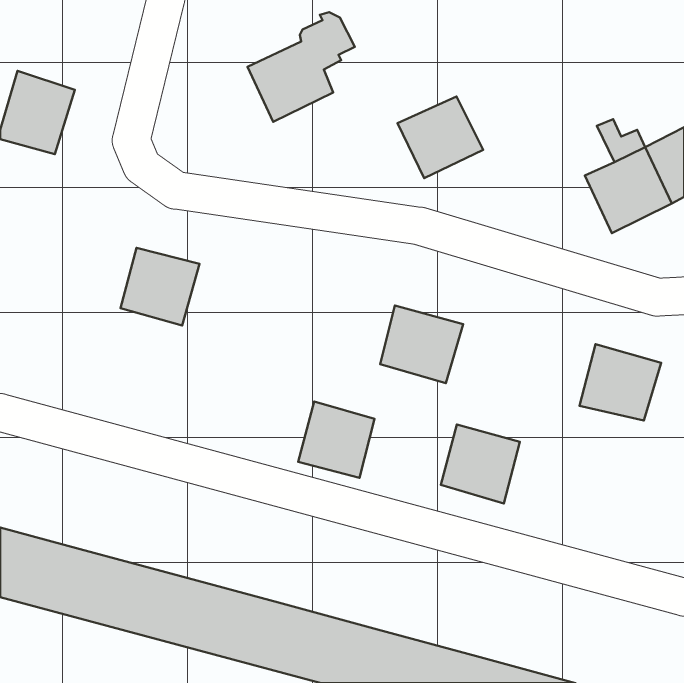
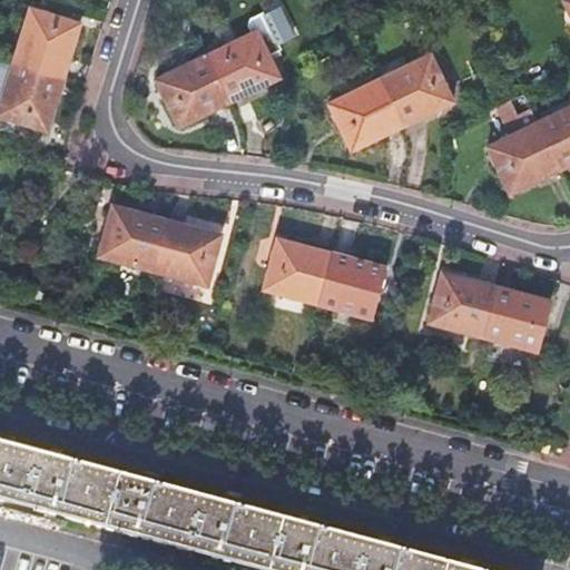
building: none -> [14,8,78,75]
building: none -> [157,56,227,125]
building: none -> [380,56,451,125]
building: none -> [151,219,219,285]
building: [298,402,374,478] -> [265,239,328,303]
building: [441,424,520,503] -> [430,272,495,337]

